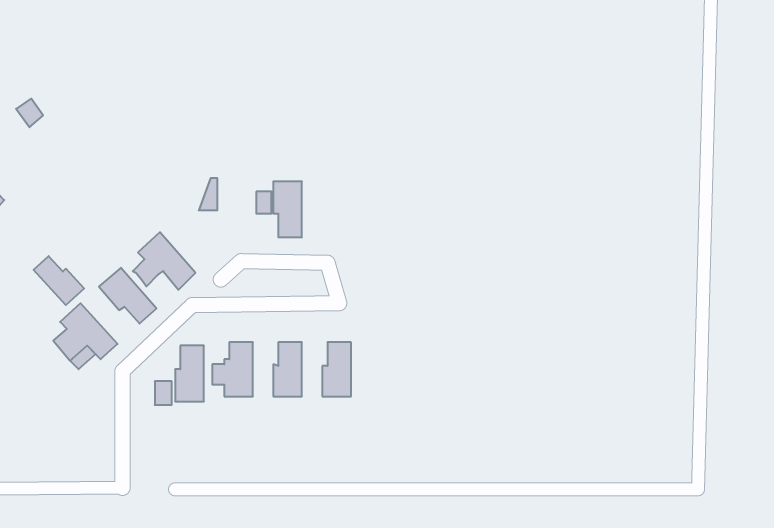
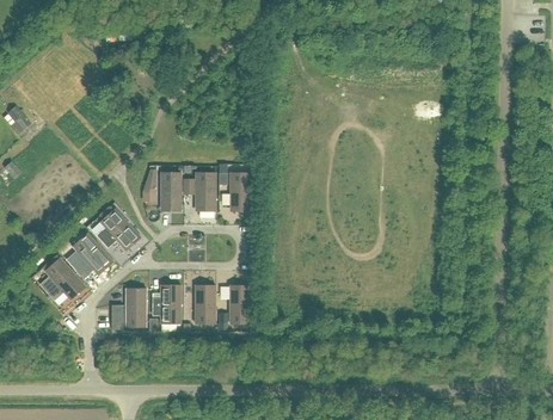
building: none -> [160,171,180,209]
building: none -> [229,171,250,210]
building: [34,256,84,305] -> none

